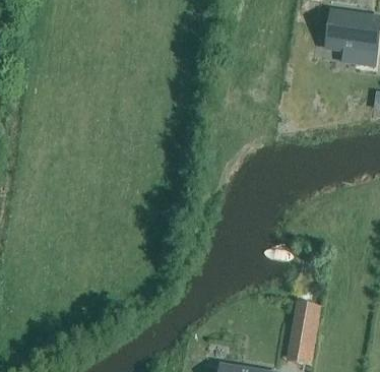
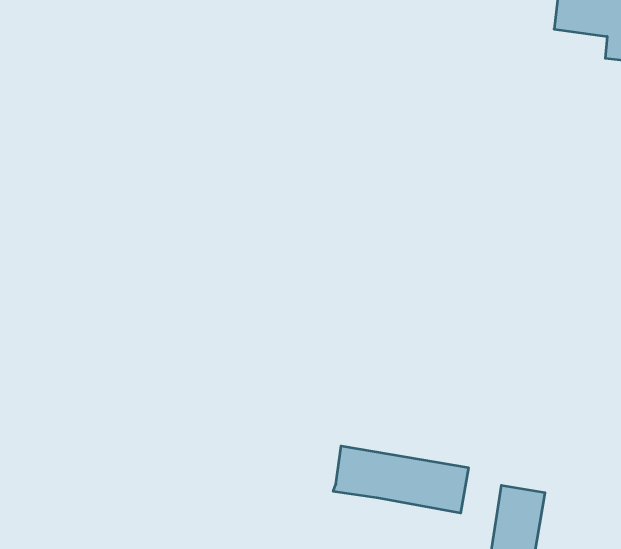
building: none -> [333,446,468,513]

